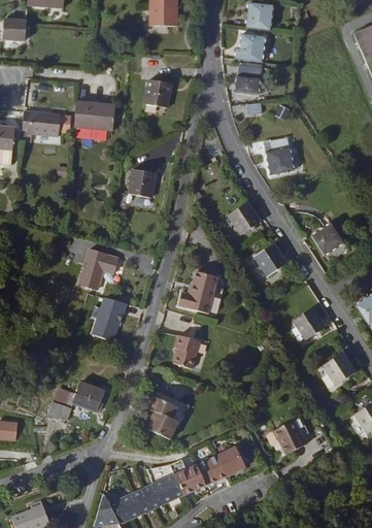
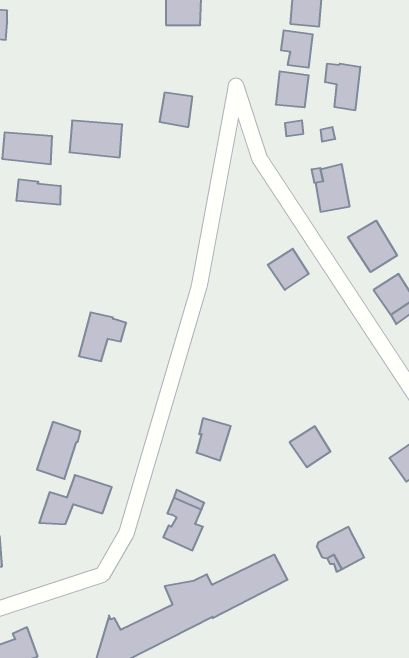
building: none -> [325,64,360,110]
building: none -> [17,179,61,205]
building: [130,171,156,197] -> none
building: none -> [348,221,397,272]
building: [256,243,286,275] -> none
building: [177,270,223,314] -> none
building: [90,301,124,345] -> [37,422,80,479]
building: [294,307,326,339] -> [290,426,331,467]

